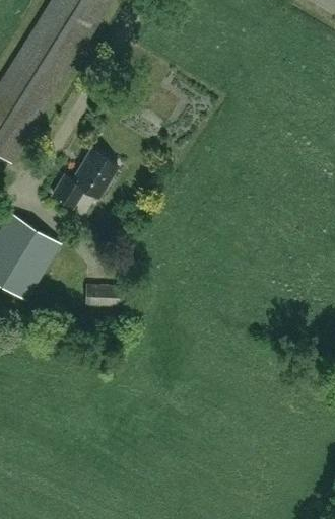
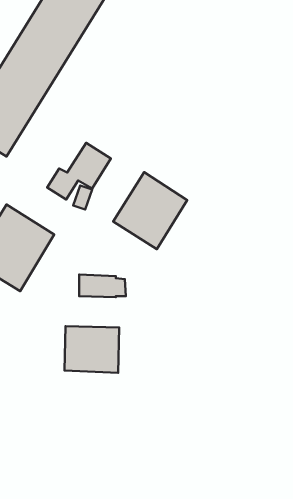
building: none -> [113,172,187,249]
building: none -> [65,326,119,373]

